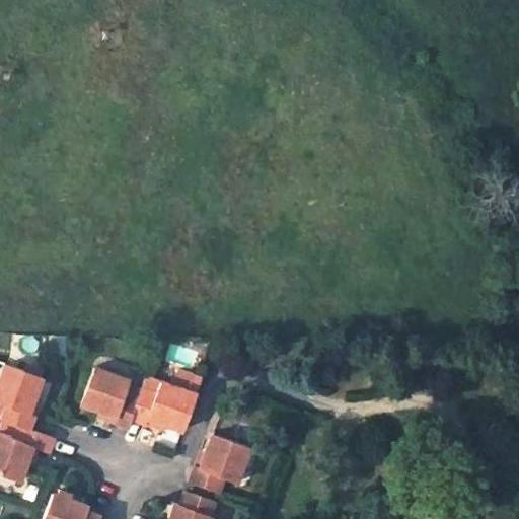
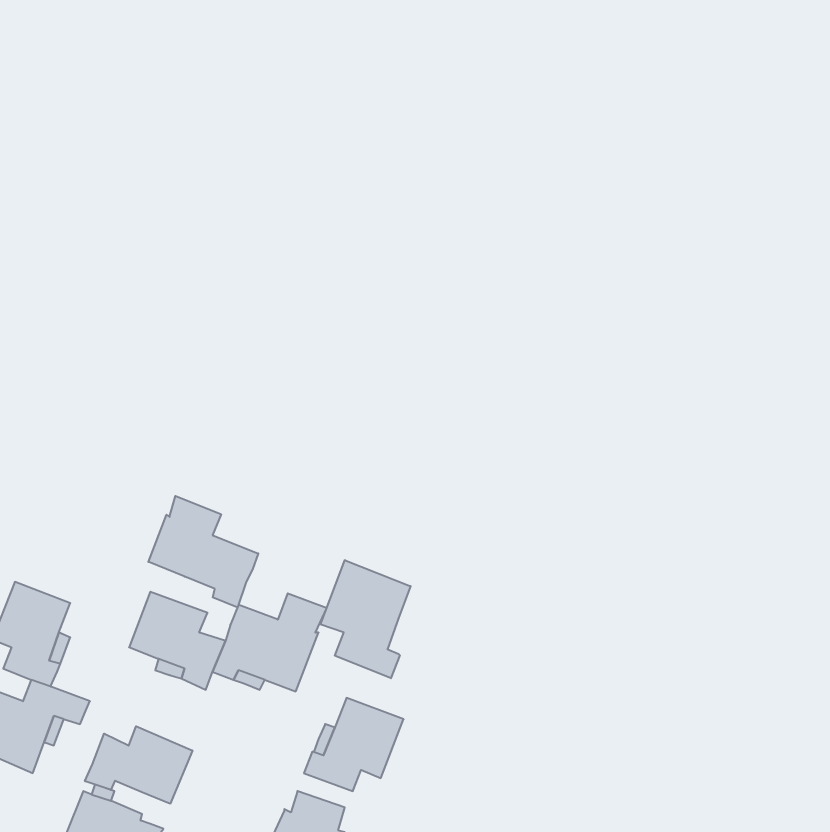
building: none -> [148,496,258,607]
building: none -> [321,560,411,678]
building: none -> [85,726,192,804]

